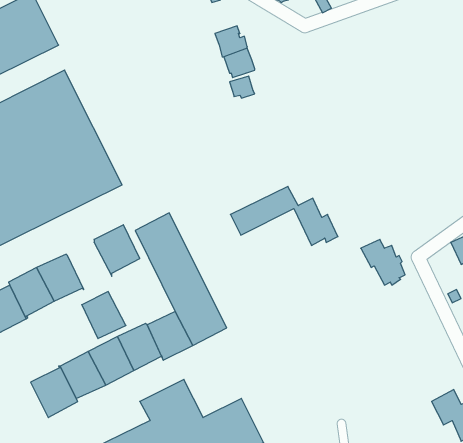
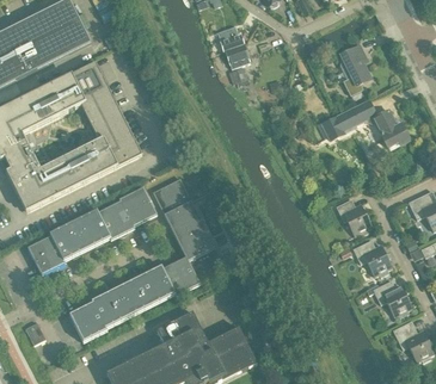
building: none -> [343,43,369,93]
building: [230,186,338,245] -> [321,98,409,145]
building: none -> [351,237,391,274]
building: [82,292,126,339] -> [97,199,133,237]
building: none -> [366,278,411,315]

